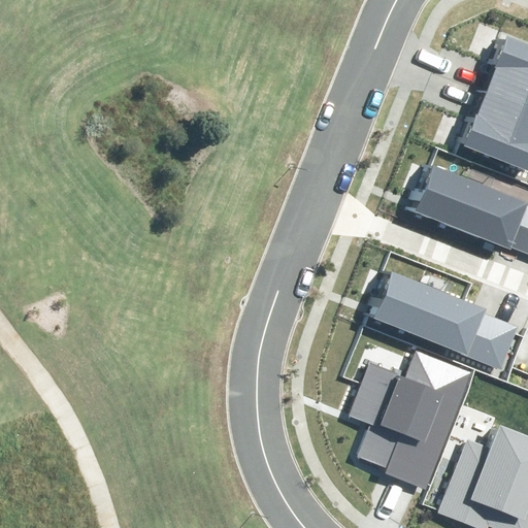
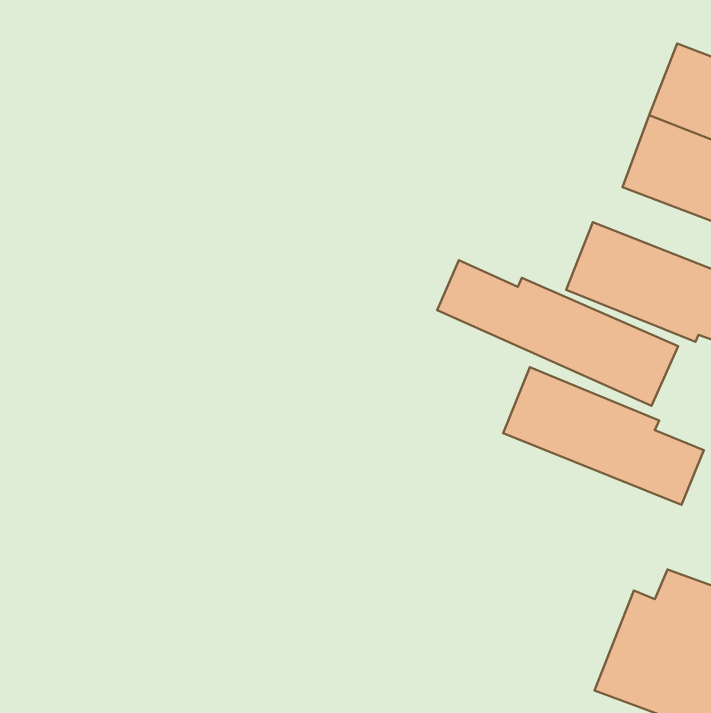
building: none -> [437,260,678,406]
building: [354,356,470,477] -> none

